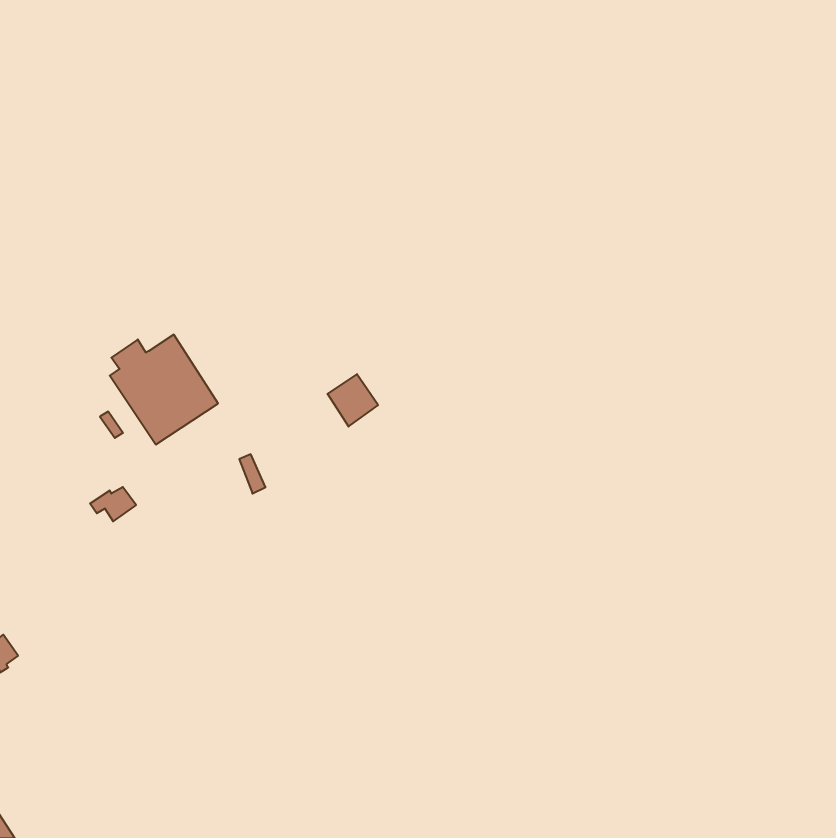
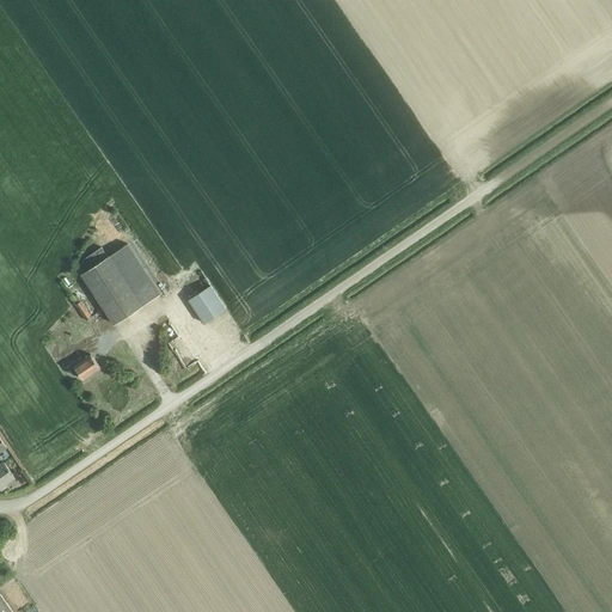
building: [327,374,378,427] -> [188,286,225,324]

